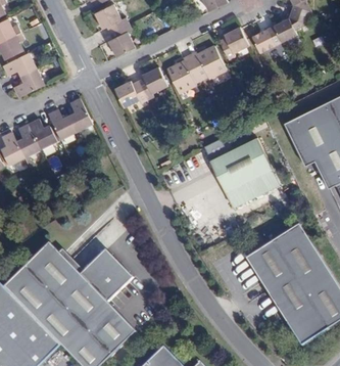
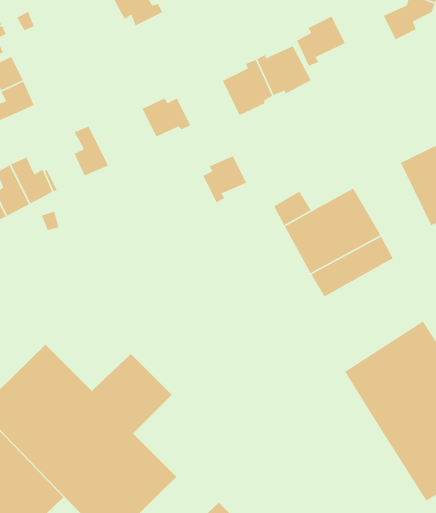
building: [107,24,135,57] -> none
building: [251,26,281,52] -> none
building: [137,66,166,98] -> [202,155,247,203]
building: [47,108,76,140] -> none

